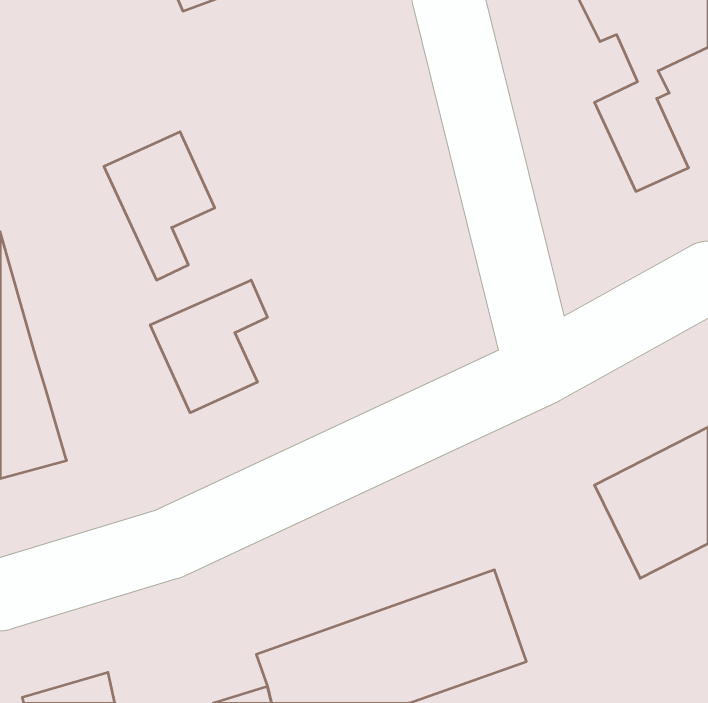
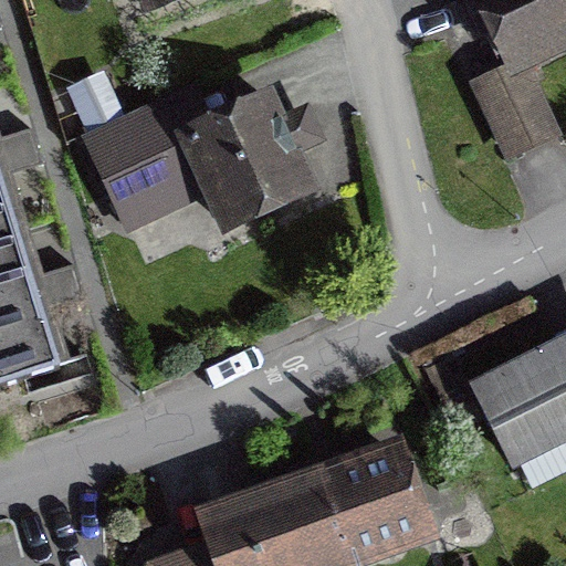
building: none -> [182,98,305,226]
building: [150,280,267,413] -> none

